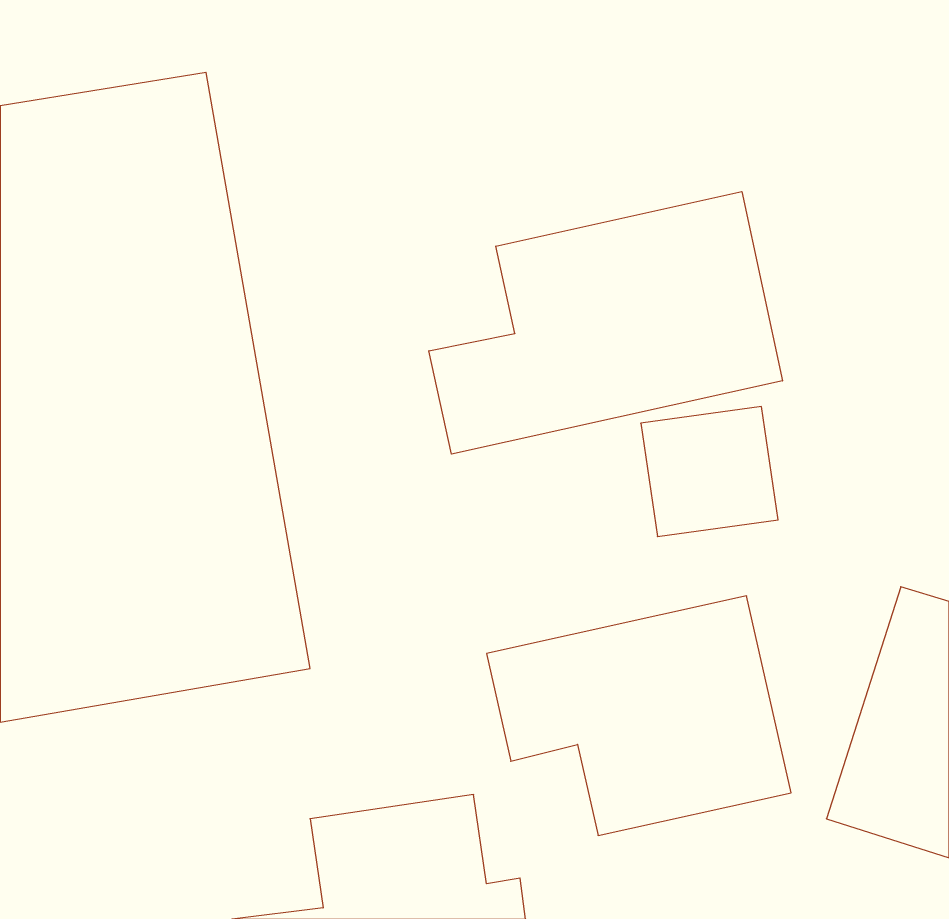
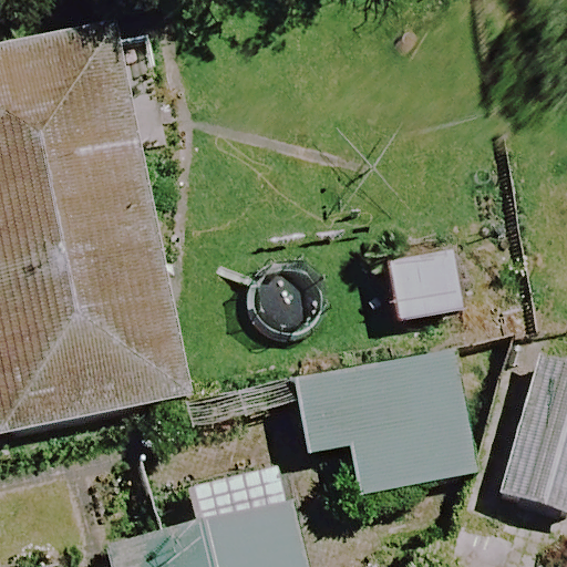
building: [429,192,782,454] -> none

